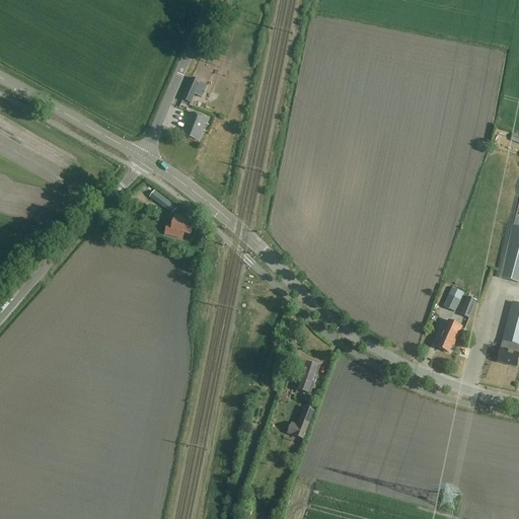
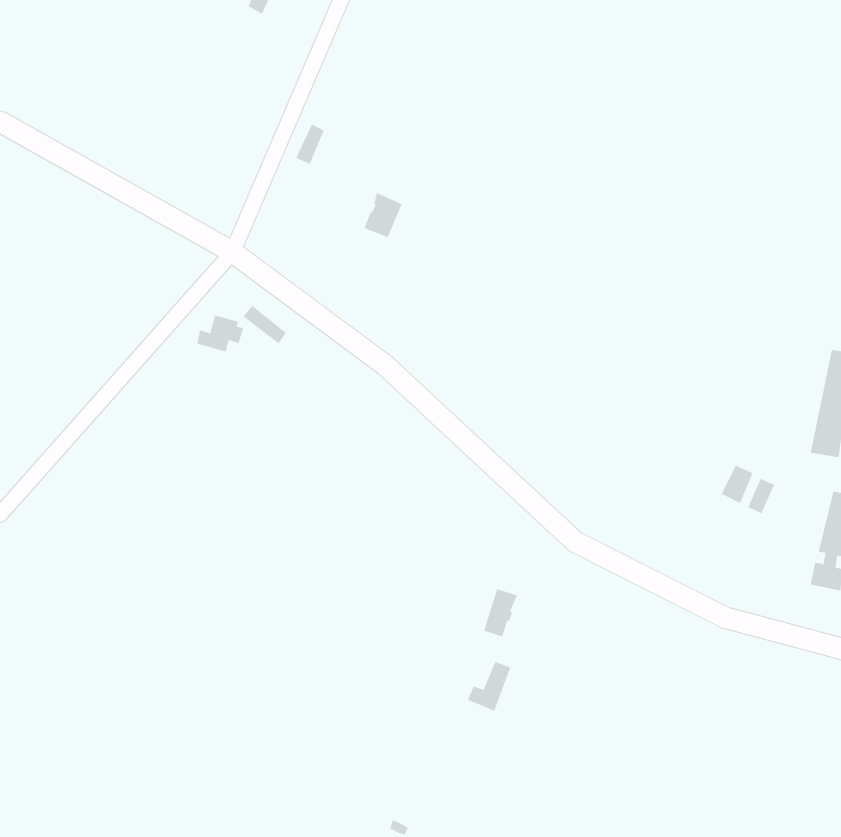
building: [183,110,208,139] -> [363,192,403,238]
building: [165,214,195,237] -> [196,314,244,352]
building: [438,318,463,350] -> none

